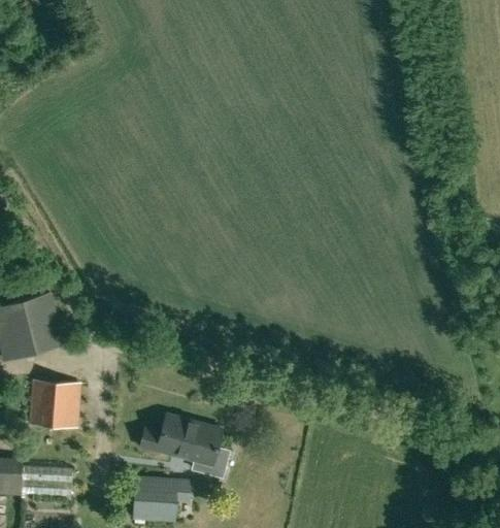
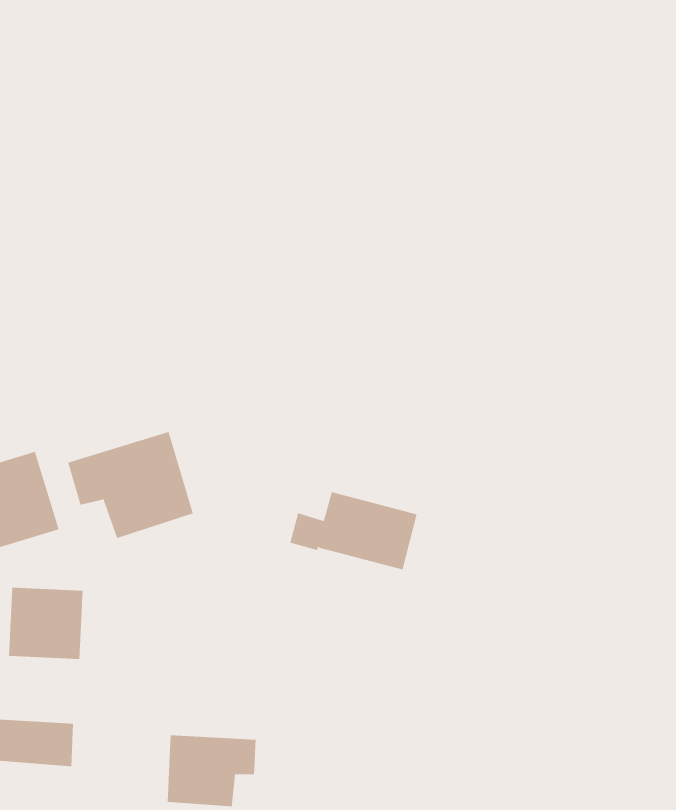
building: none -> [68,431,194,539]
building: [138,415,221,465] -> [289,492,418,570]

